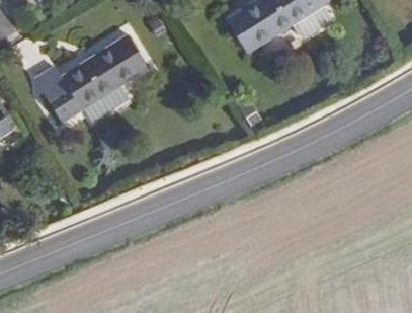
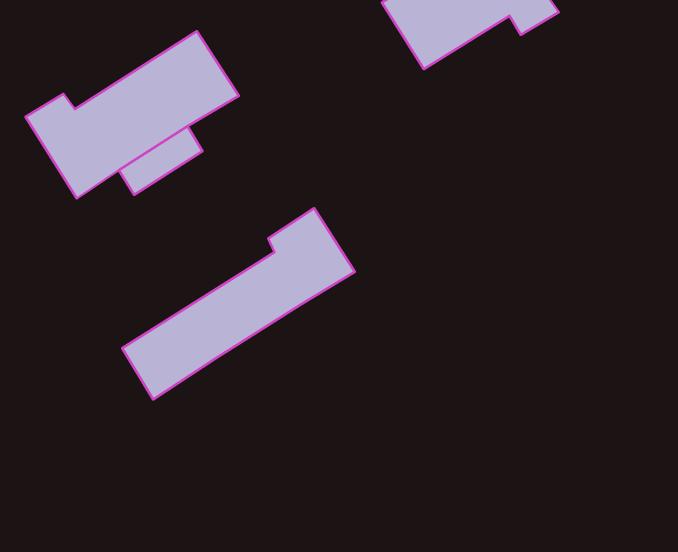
building: none -> [122,208,355,400]

